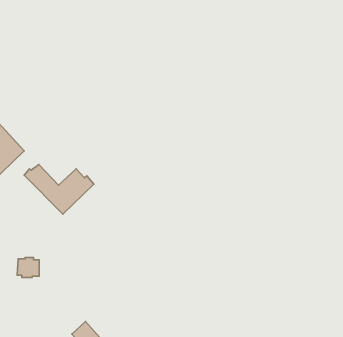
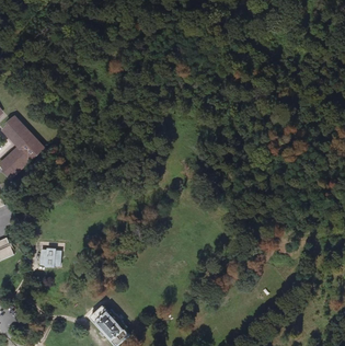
building: [24,164,94,214] -> none

